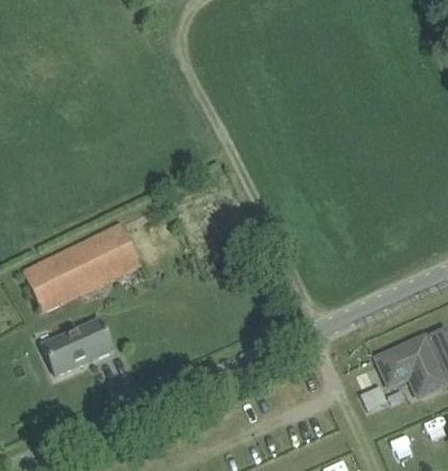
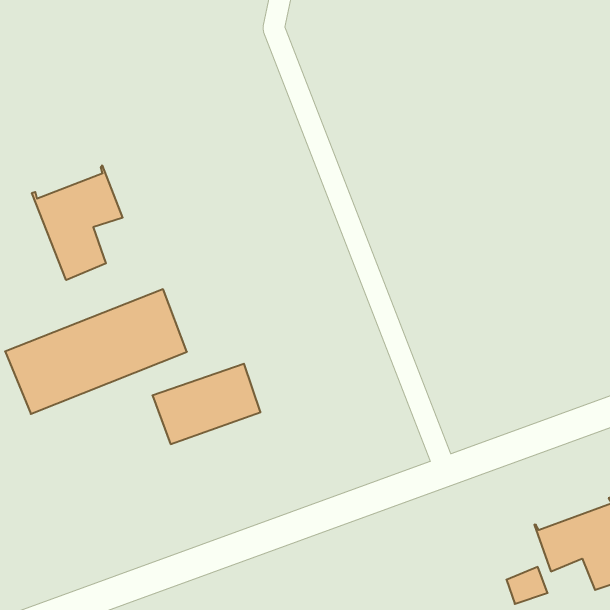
building: none -> [32,165,123,280]
building: [42,319,113,375] -> [152,364,261,444]

